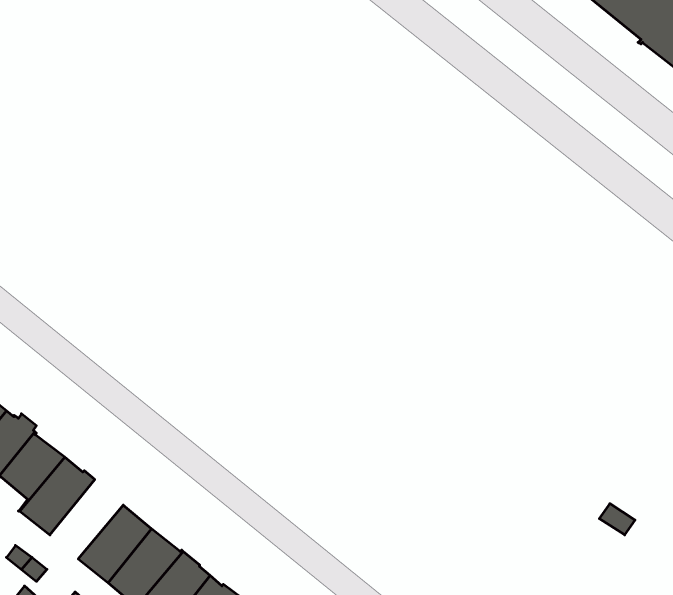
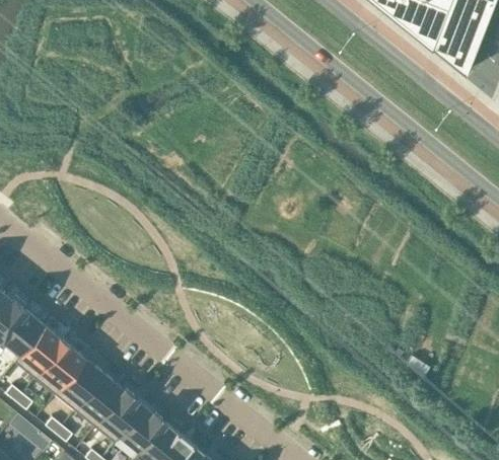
building: none -> [34,340,84,394]

